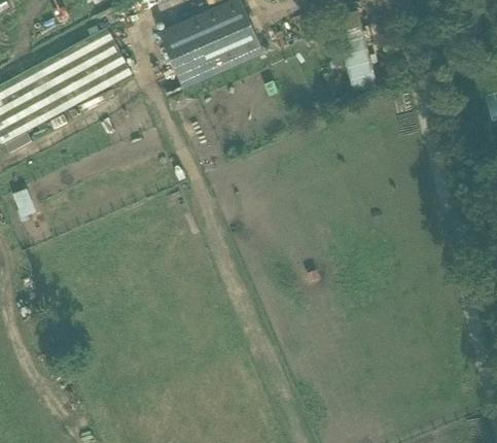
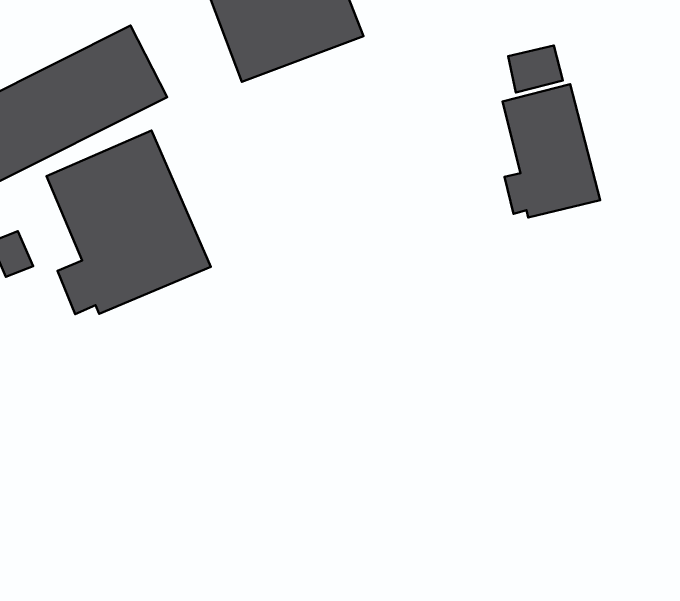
building: none -> [503,84,600,218]
building: none -> [47,130,211,314]

